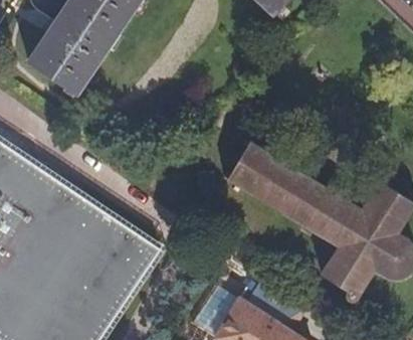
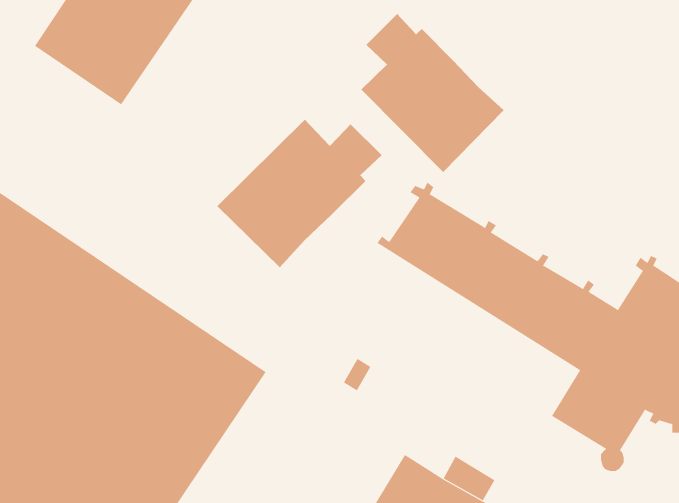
building: none -> [360,13,505,173]
building: none -> [217,119,382,268]

